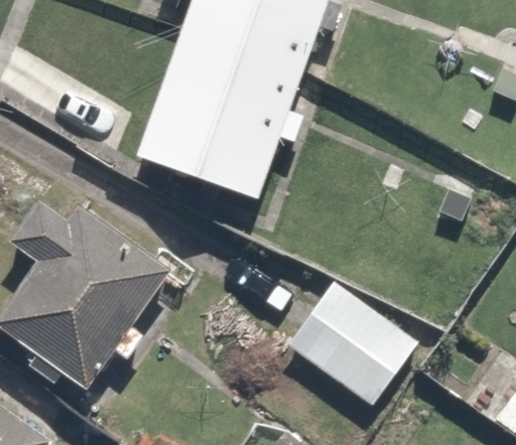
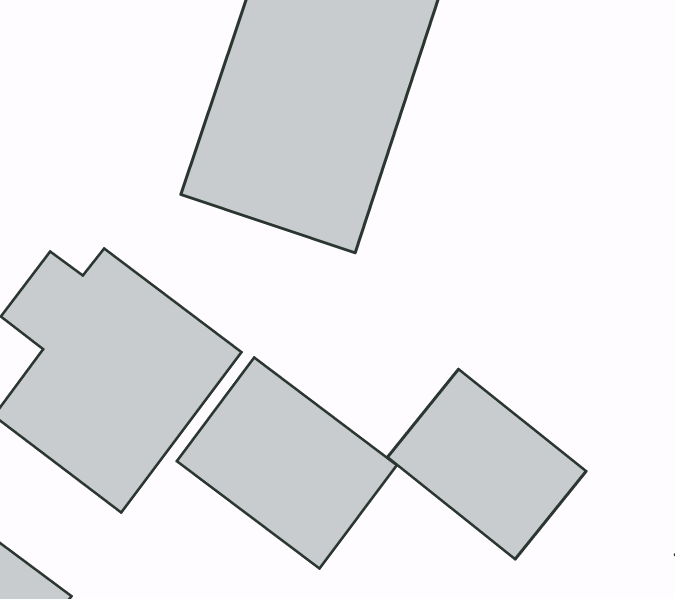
building: none -> [177,357,397,569]

